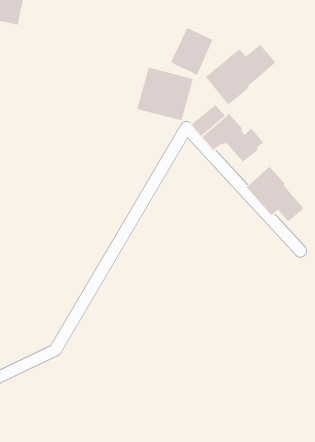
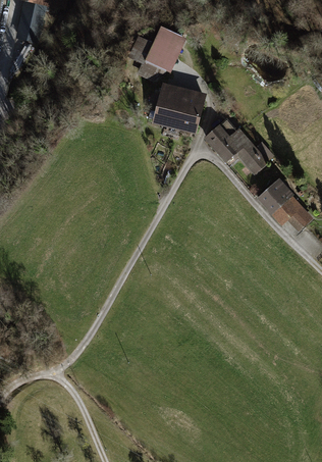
building: [170,27,213,76] -> [143,24,184,71]
building: [205,44,276,106] -> none

